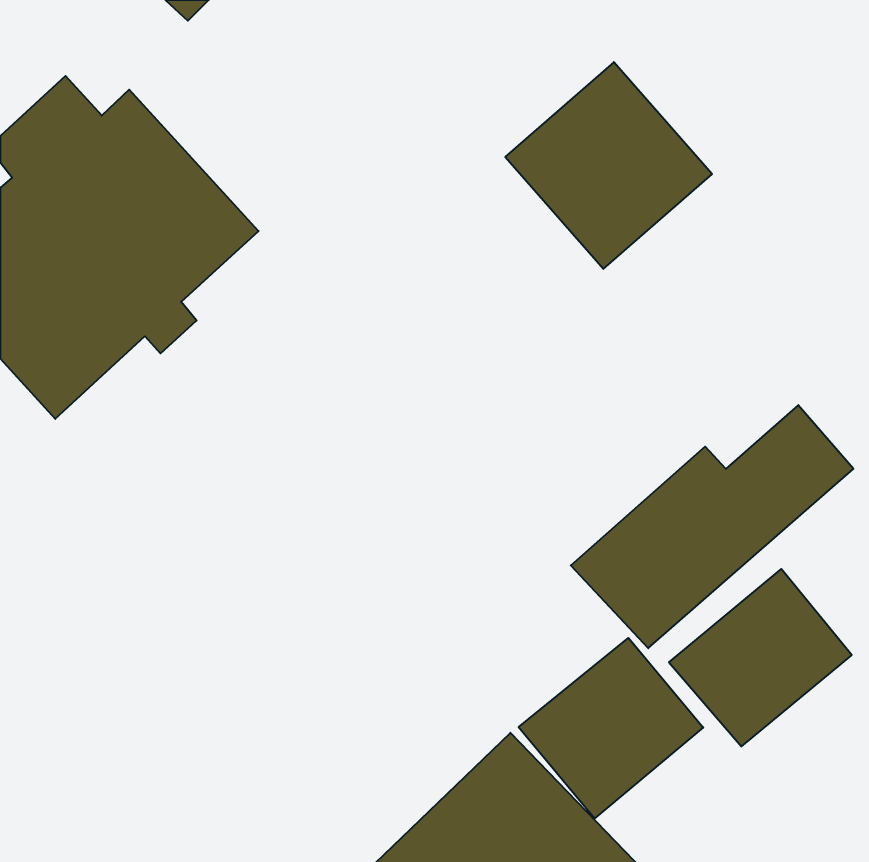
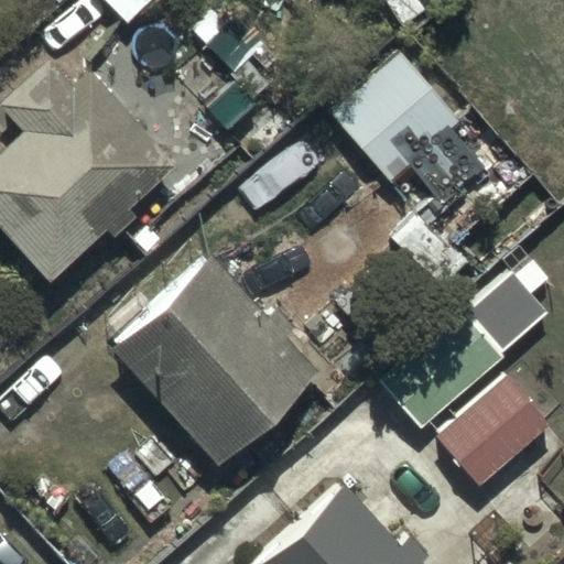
building: none -> [119,259,319,463]
building: [519,638,703,818] -> none

